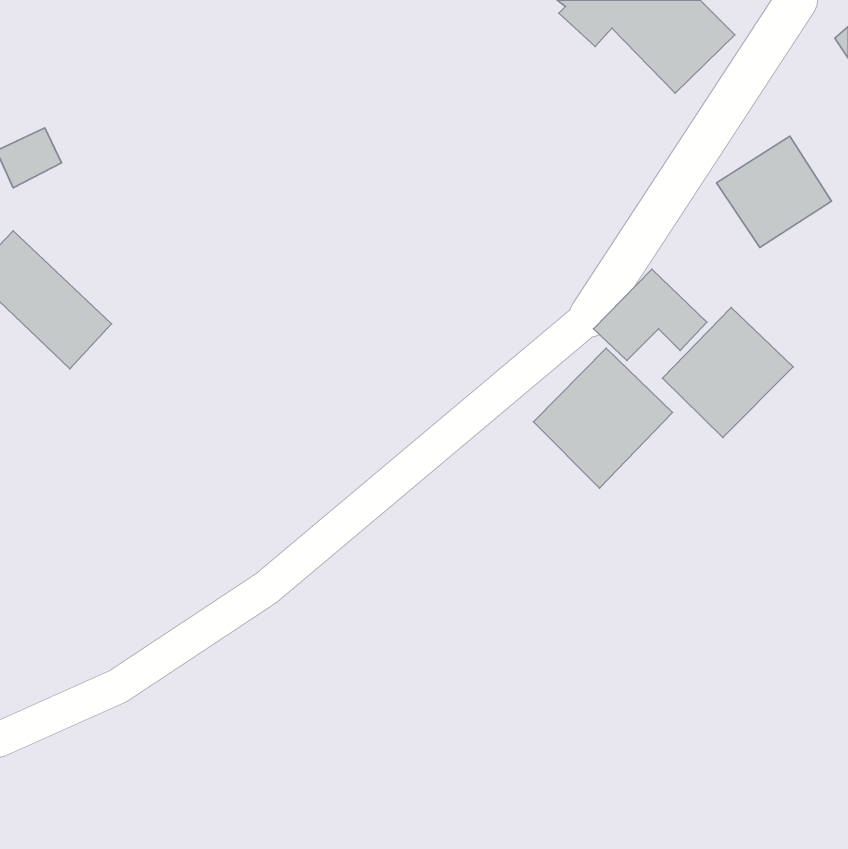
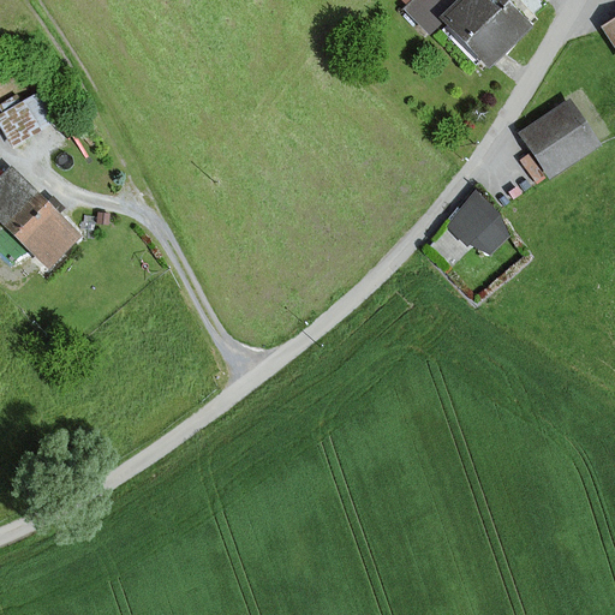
building: [663,307,793,438] -> none
building: [533,348,673,488] -> none

